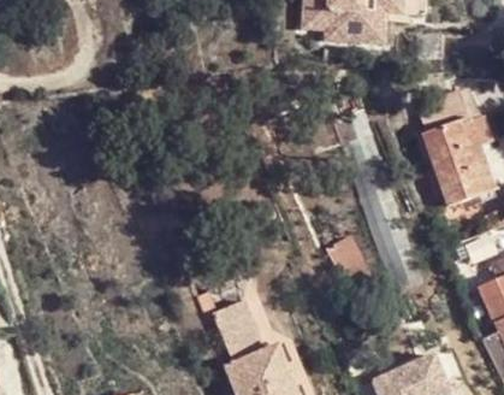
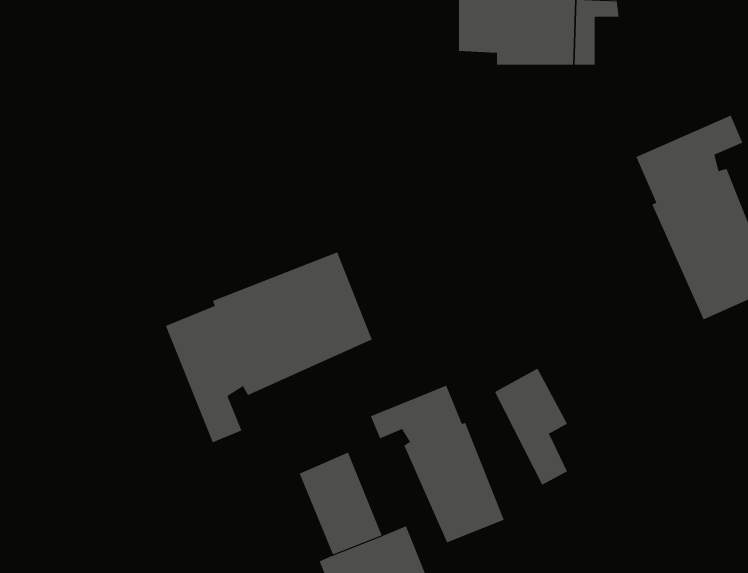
building: none -> [165,251,373,443]
building: none -> [370,385,504,543]

